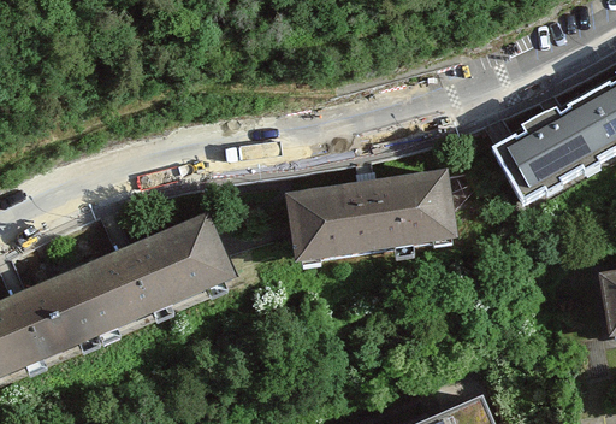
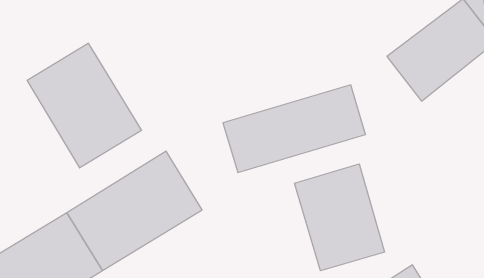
building: none -> [27,43,141,168]
building: none -> [294,164,384,271]

